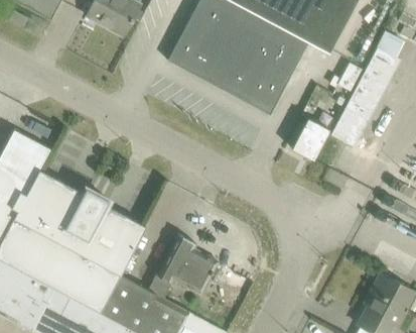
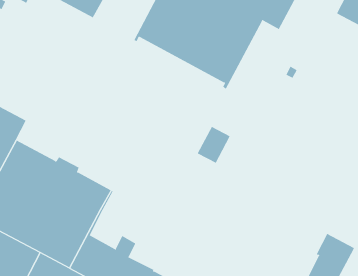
building: [331,48,399,147] -> none
building: [291,119,328,160] -> [197,126,231,164]
building: [154,235,218,295] -> none

